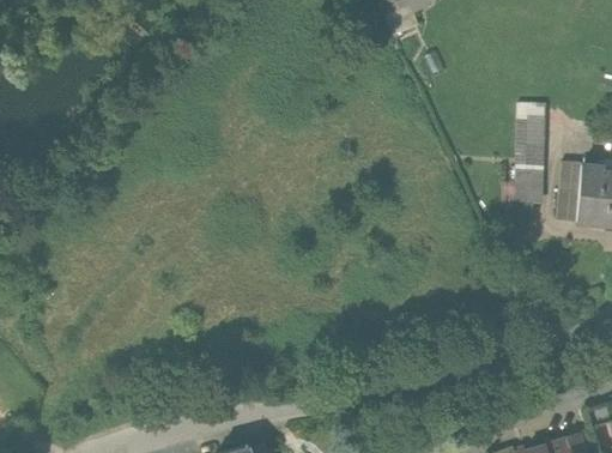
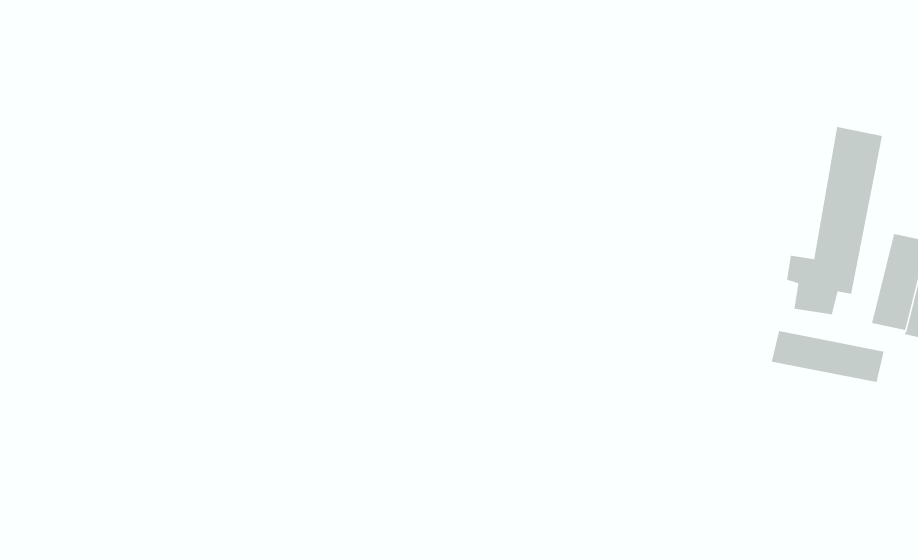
building: none -> [771,330,885,383]

